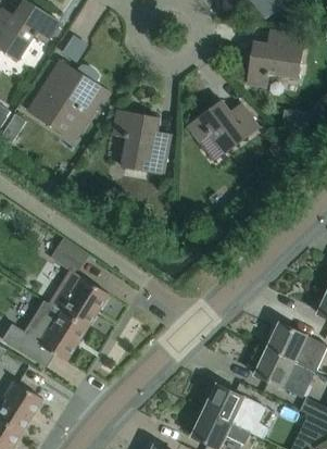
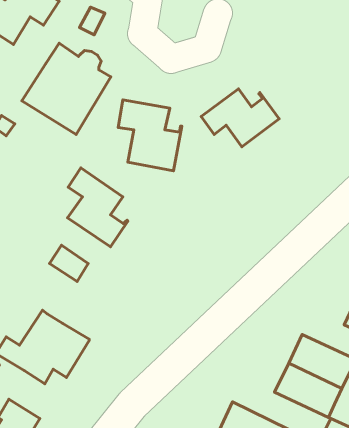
building: [247,29,304,86] -> none
building: none -> [68,168,128,247]
building: [48,275,108,326] -> none

